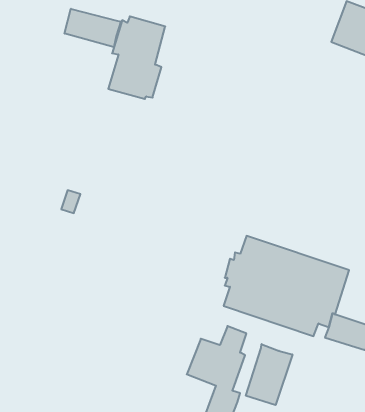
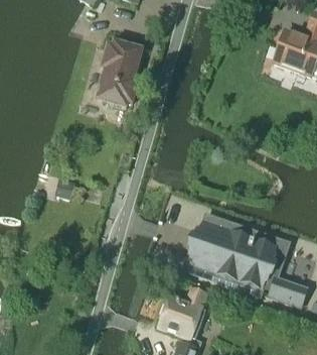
building: [65,9,121,47] -> none
building: [246,344,292,405] -> none

